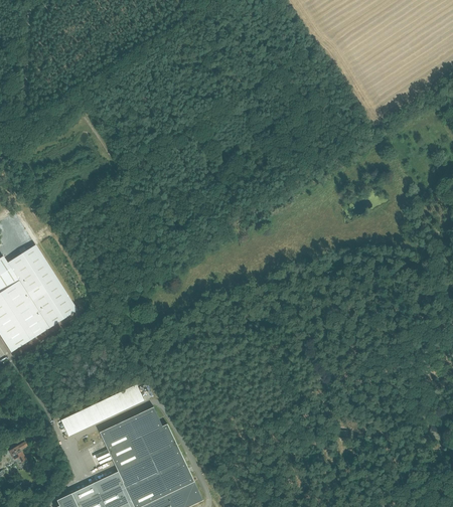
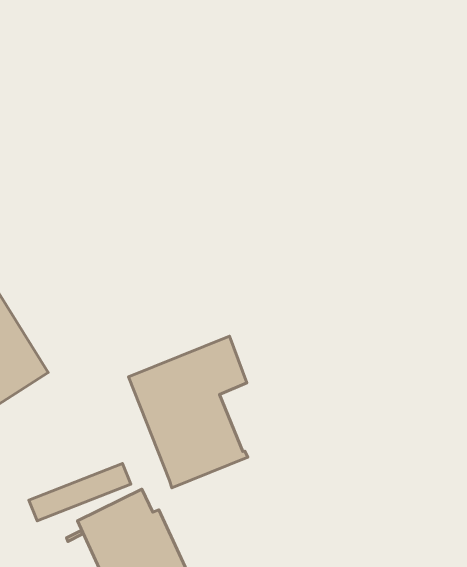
building: none -> [129,336,248,488]

